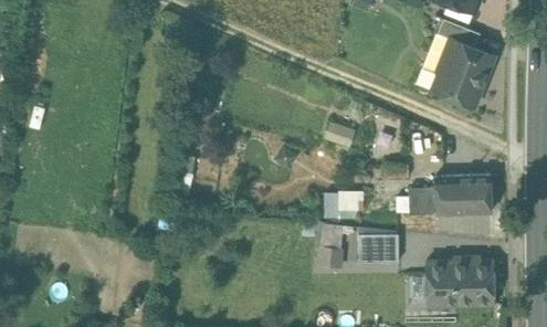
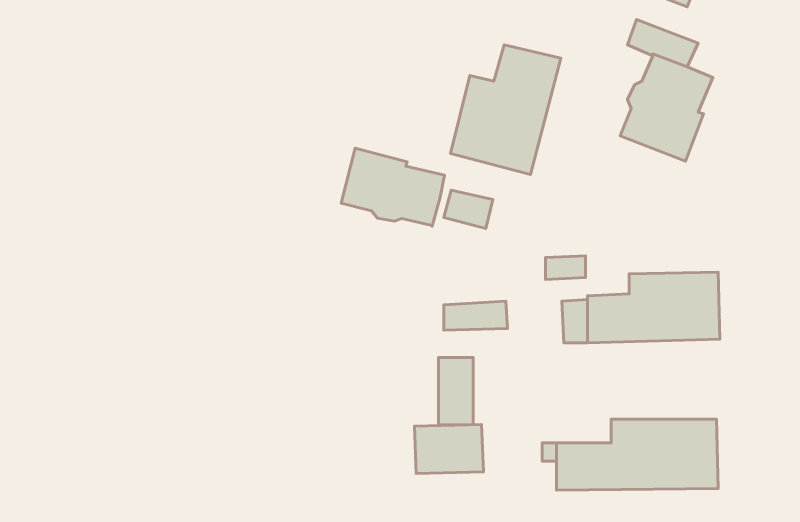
building: none -> [450,45,561,175]
building: none -> [341,148,445,226]
building: [358,233,400,263] -> [414,425,483,474]

